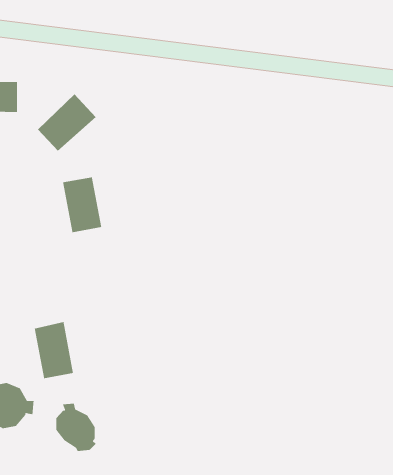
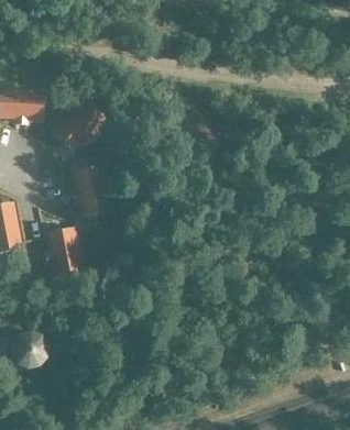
building: [34,321,74,379] -> [50,229,81,275]
building: [55,403,97,452] -> none

